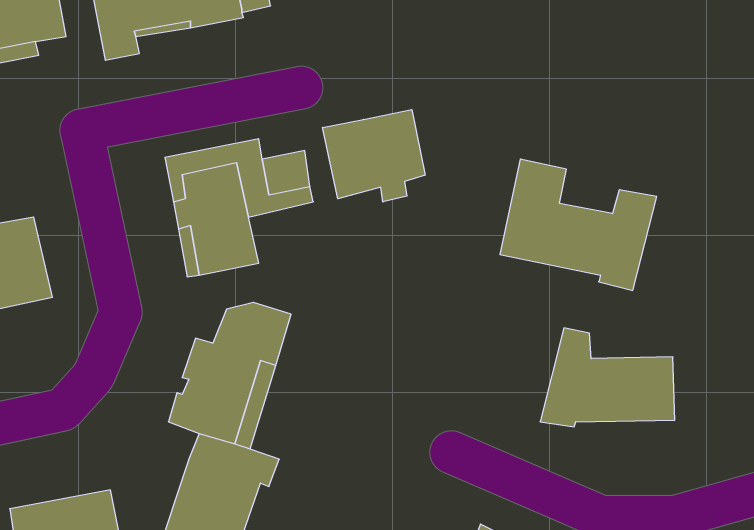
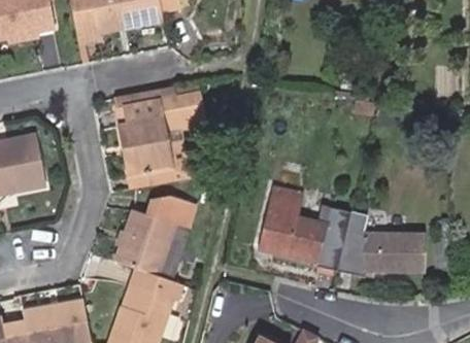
building: [323,110,425,202] -> none
building: [500,159,657,290] -> [259,184,354,264]

